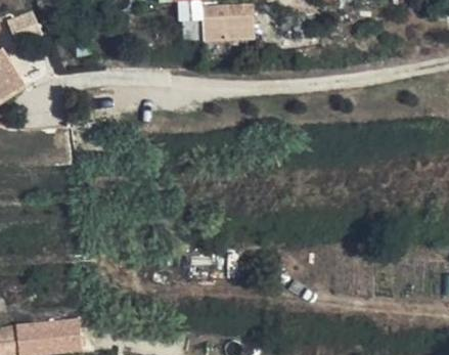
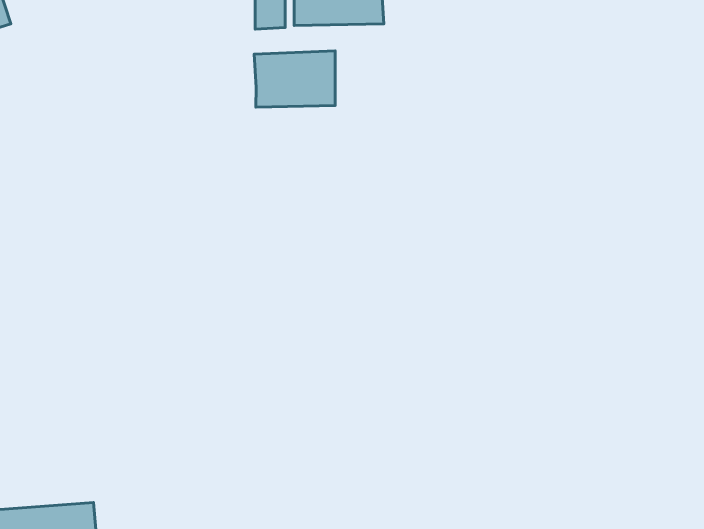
building: none -> [254,51,335,107]

